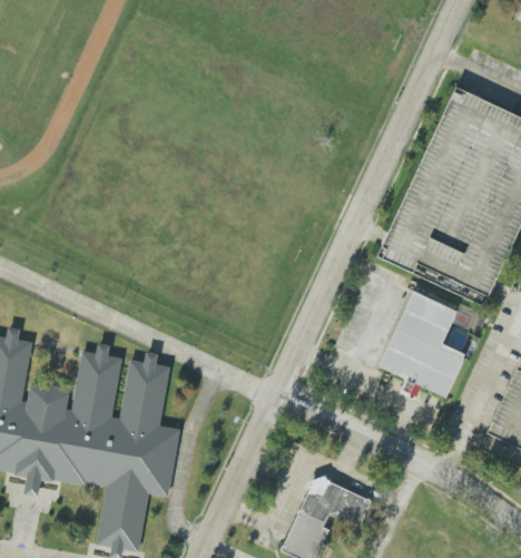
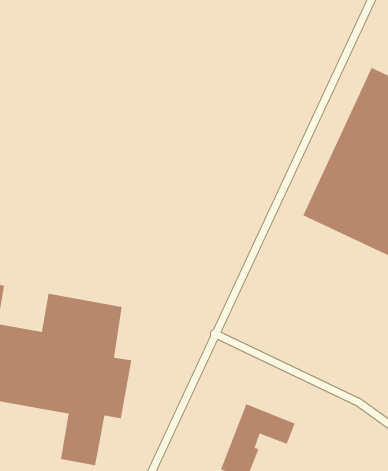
building: [381,292,465,399] -> none

